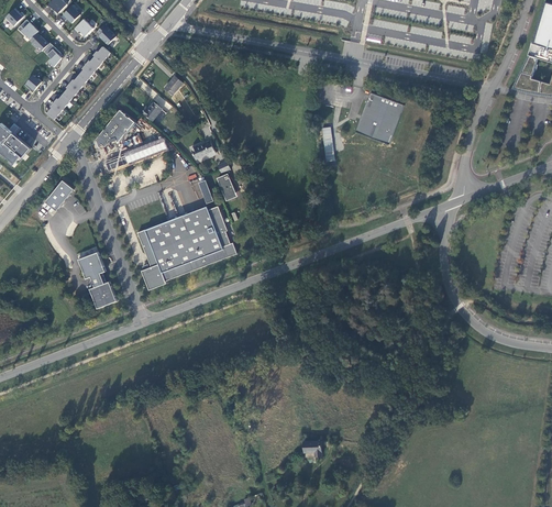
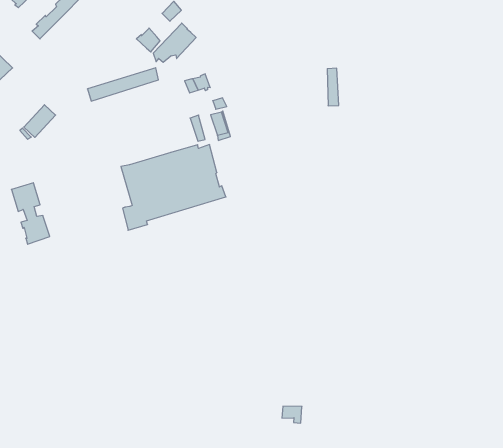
building: [355,90,404,143] -> none
building: [96,109,134,146] -> [153,23,196,62]
building: [78,251,117,308] -> [11,183,50,244]

